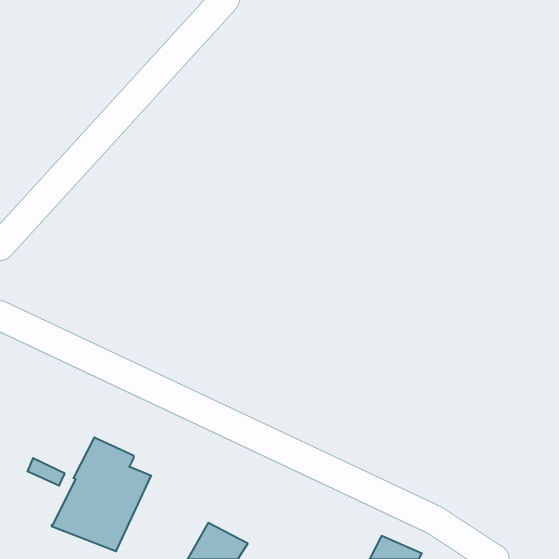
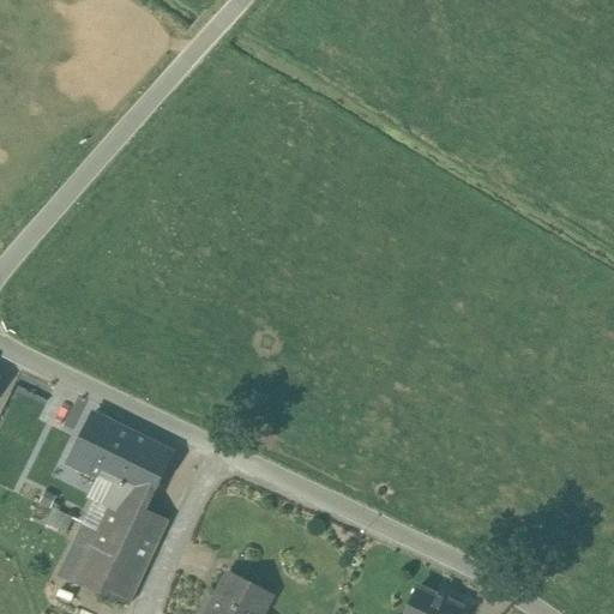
building: none -> [70,414,171,499]

